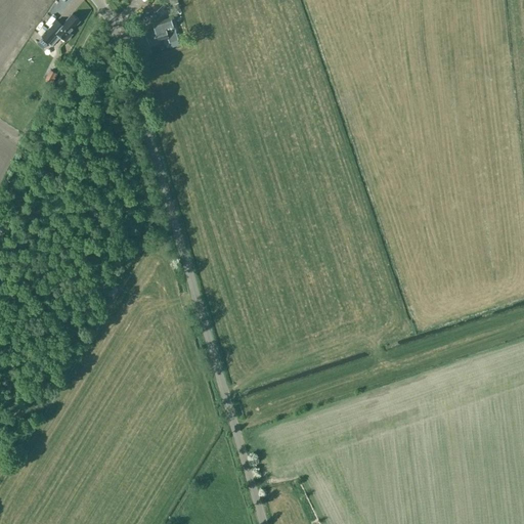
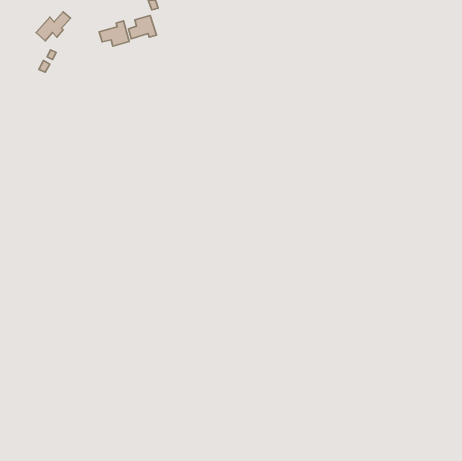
building: none -> [99,21,129,46]

